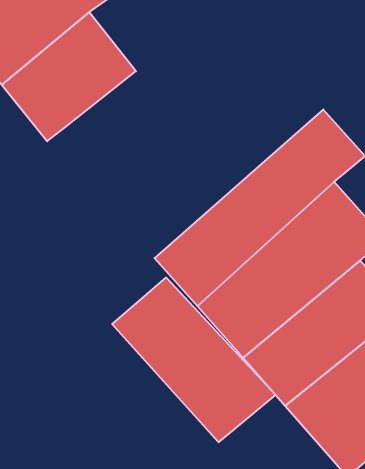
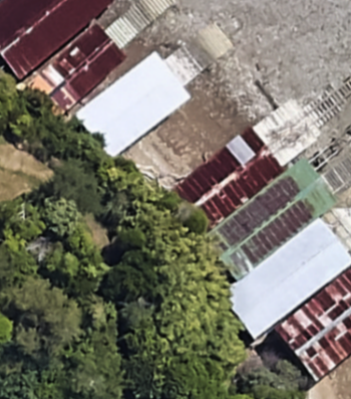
building: none -> [85,51,199,159]
building: [112,278,276,442] -> none

